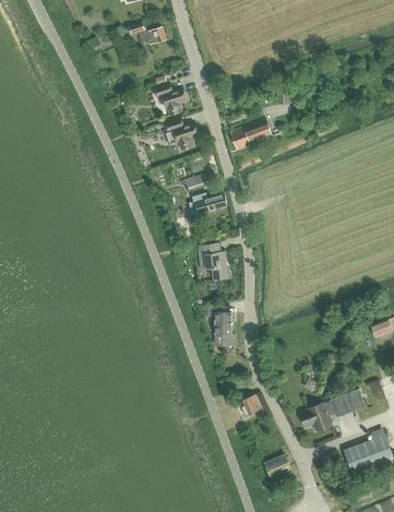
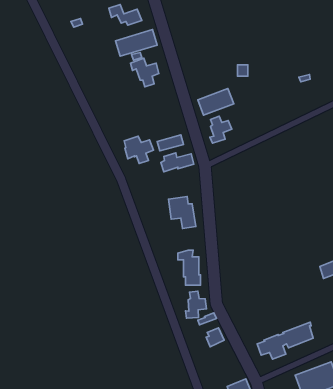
building: none -> [115,30,157,56]
building: [164,118,198,150] -> [124,136,153,163]
building: none -> [210,116,232,143]
building: none -> [185,291,207,318]

